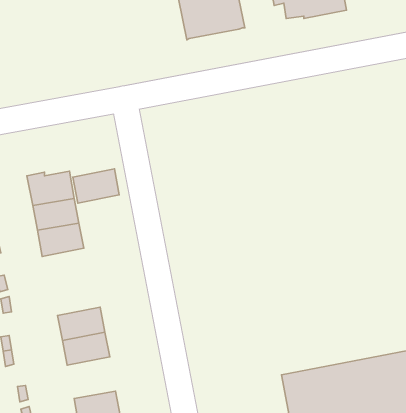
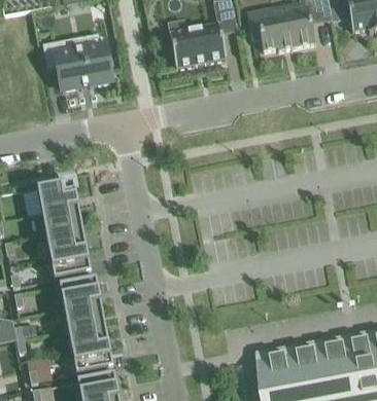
building: none -> [41,39,110,88]
building: [73,169,119,203] -> [49,248,90,278]
building: none -> [59,277,100,306]
building: none -> [71,342,112,372]

